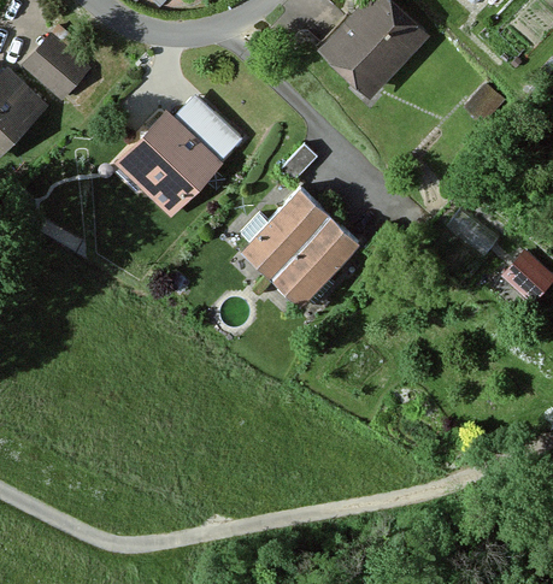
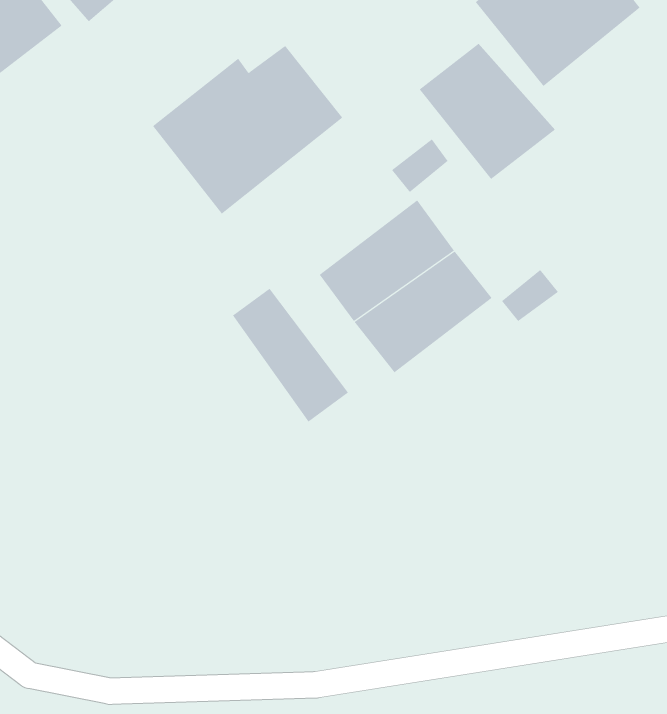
building: none -> [419,43,556,180]
building: none -> [232,288,349,422]

